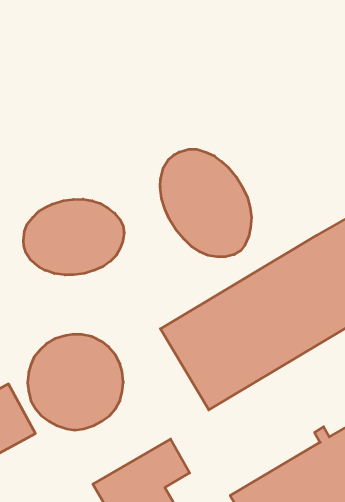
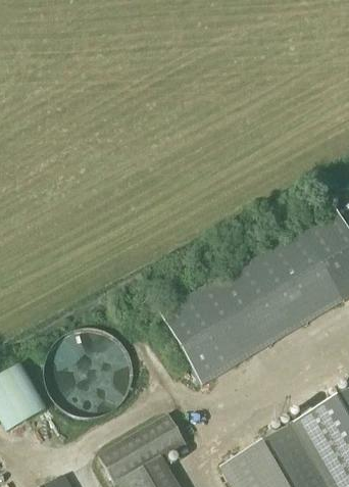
building: [160,149,252,257] -> none
building: [23,199,124,275] -> none

